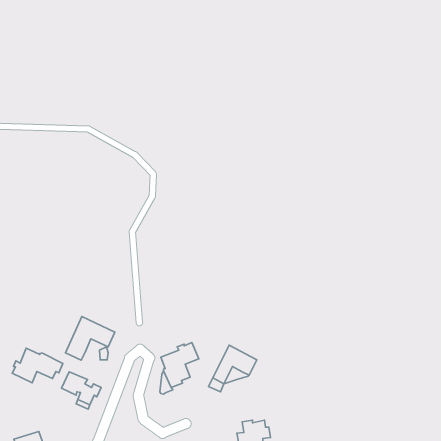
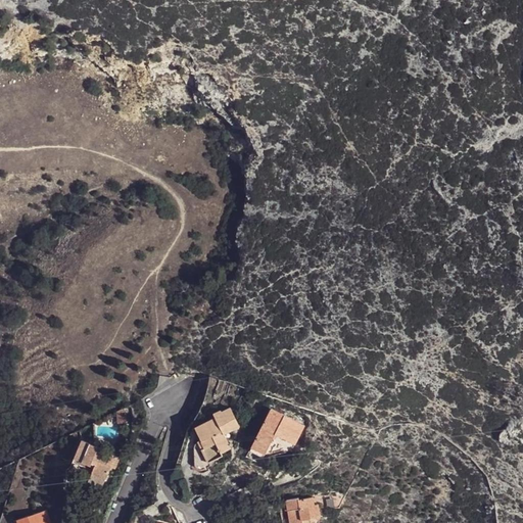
building: [66,317,115,360] -> none
building: [12,348,63,383] -> none

